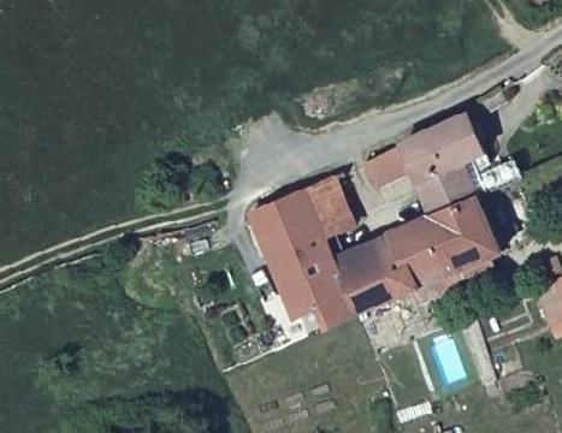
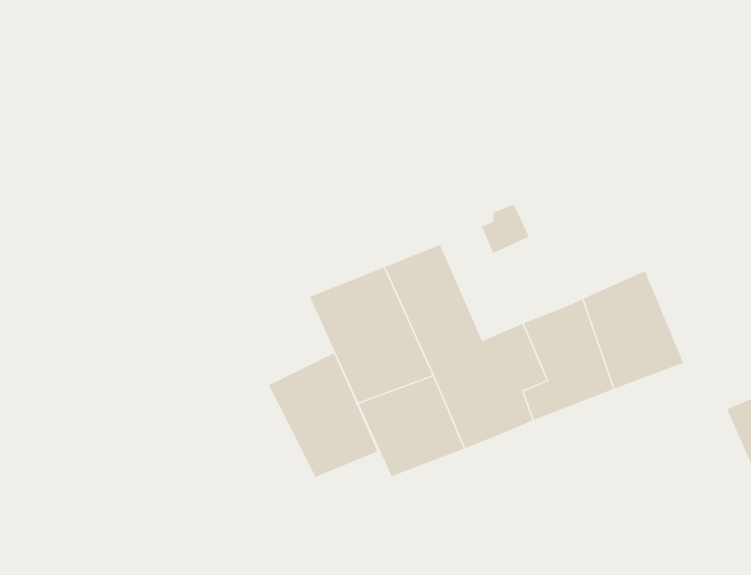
building: [392,111,517,216] -> none
building: none -> [268,352,379,478]

